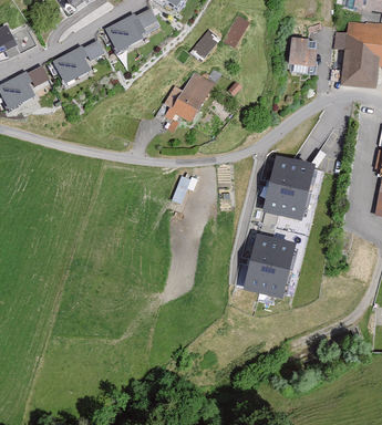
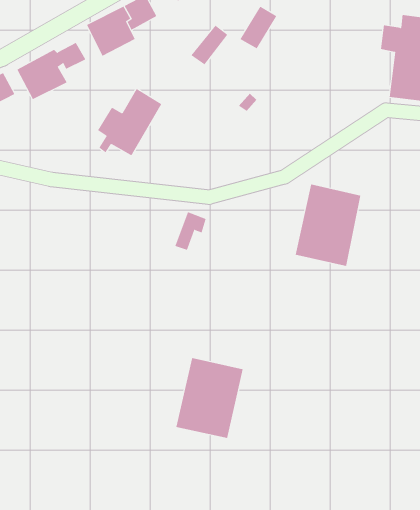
building: [283,35,311,66] -> none
building: [165,70,215,122] -> [97,88,162,156]
building: [244,229,296,291] -> [176,358,244,439]

